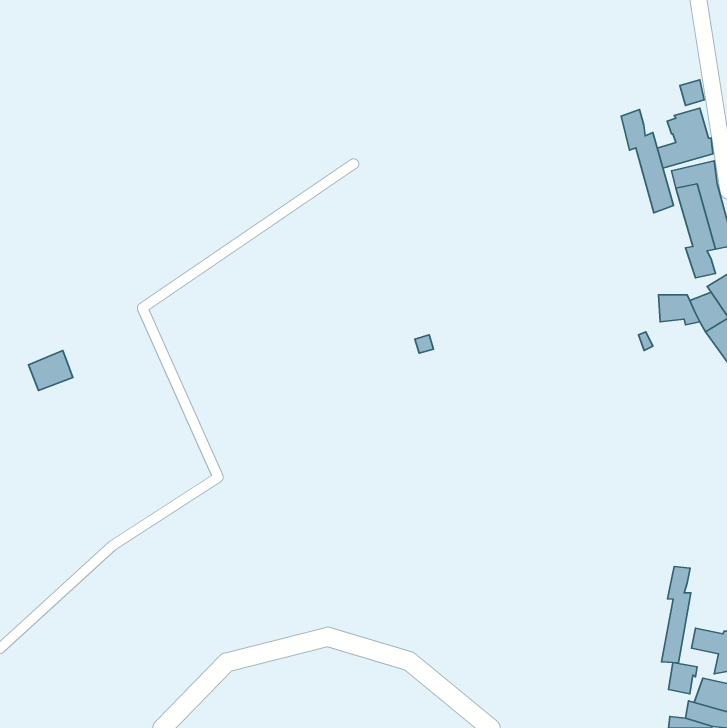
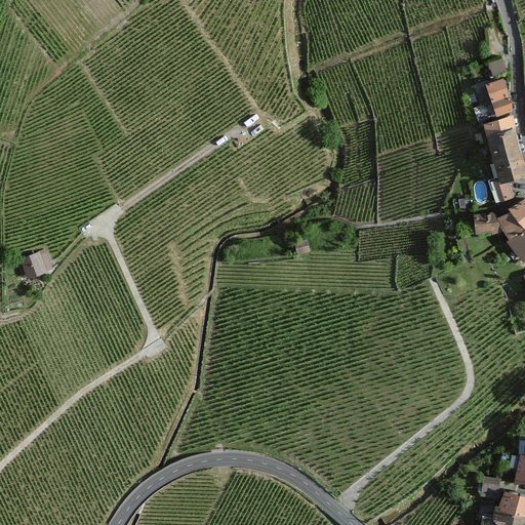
building: [621,109,674,213] -> none
building: [662,567,691,663] -> none

